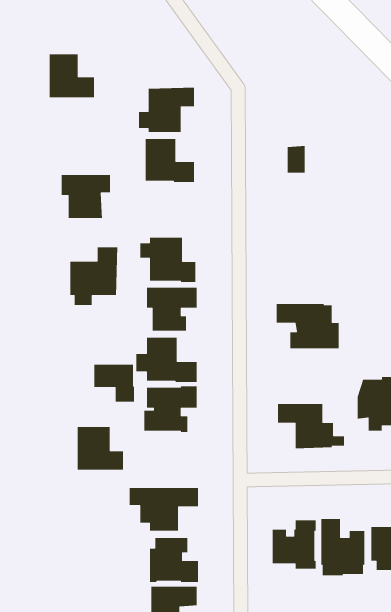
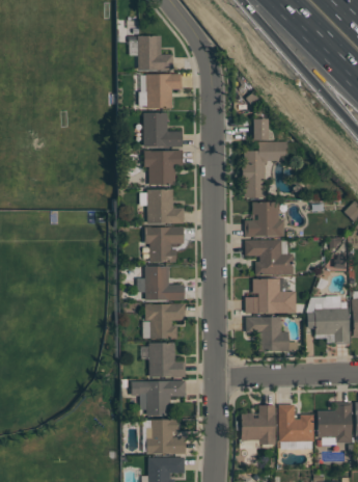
building: [49,54,95,98] -> [138,36,173,71]
building: [61,174,111,219] -> [144,151,183,185]
building: none -> [243,142,287,198]
building: [70,247,118,306] -> none
building: none -> [245,203,285,238]
building: none -> [245,279,297,314]
building: [94,364,135,403] -> none
building: [77,426,124,471] -> [149,343,186,377]

